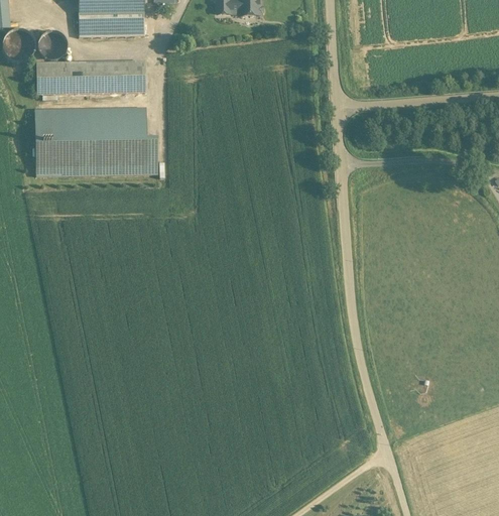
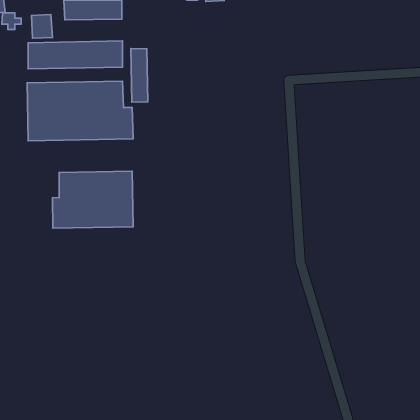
building: none -> [131,49,148,102]
building: none -> [53,171,133,228]

